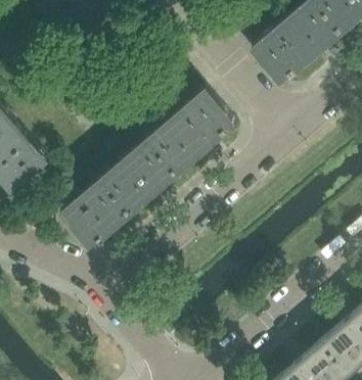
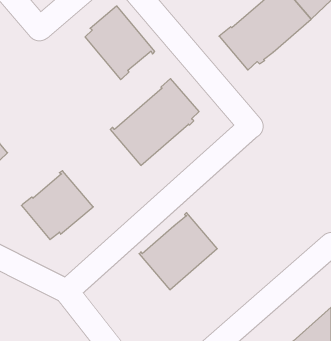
building: none -> [85,6,154,80]
building: [98,140,174,215] -> [139,213,217,290]

